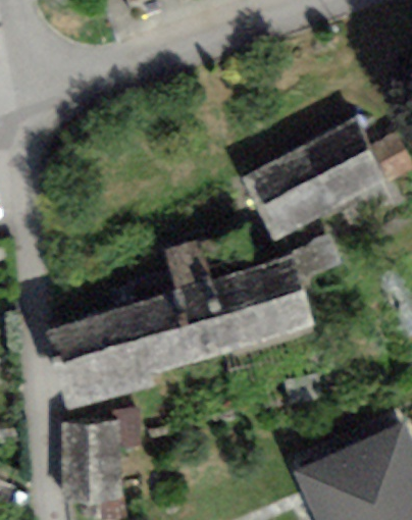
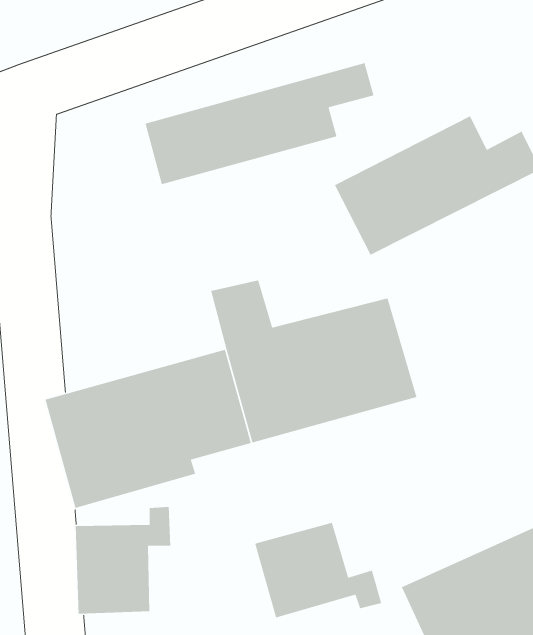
building: none -> [144,62,375,185]
building: none -> [254,522,382,618]

